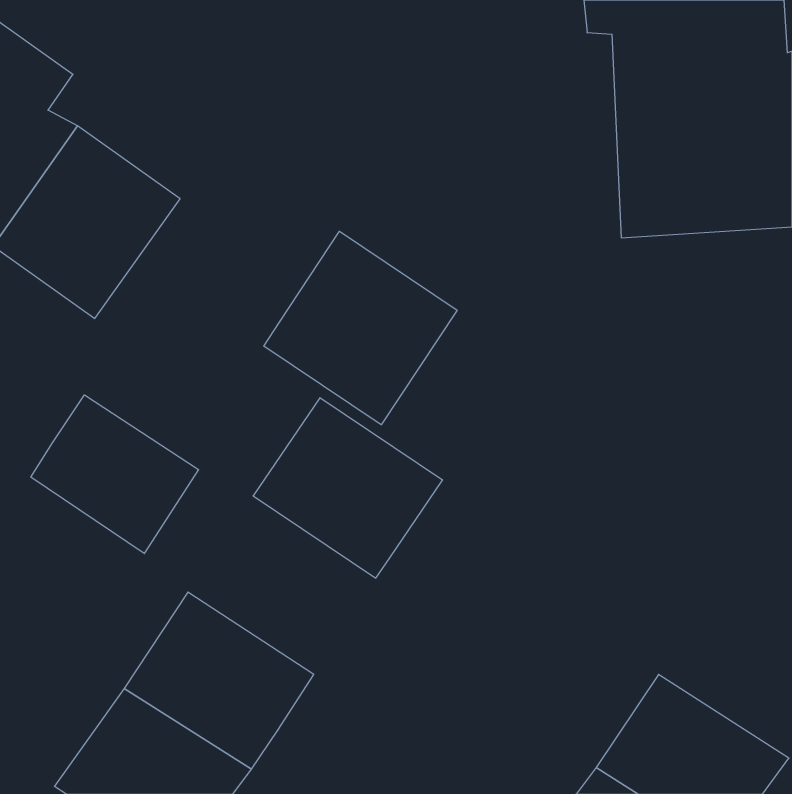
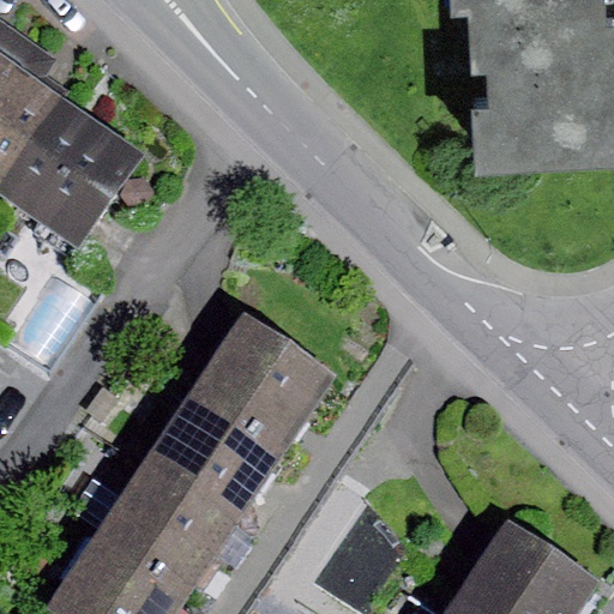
building: [264,231,457,425] -> none
building: [31,395,199,554] -> none
building: none -> [145,383,290,520]

